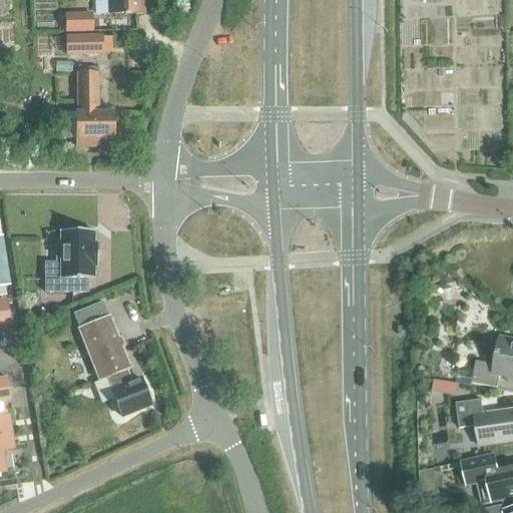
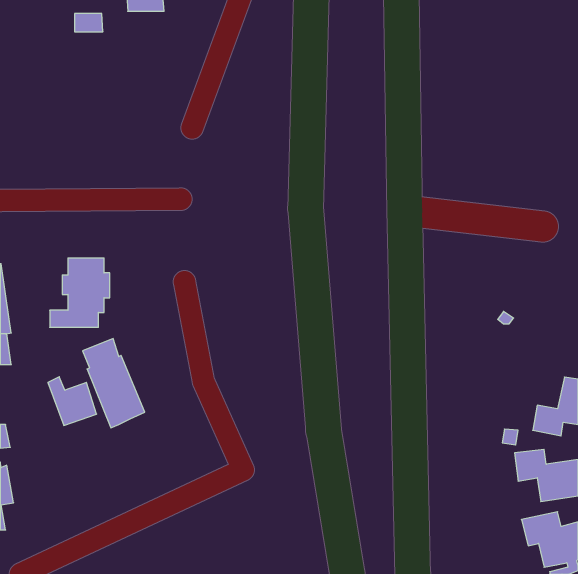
building: [66,32,96,52] -> none
building: [63,69,113,143] -> none
building: [105,371,148,414] -> [48,377,97,425]

